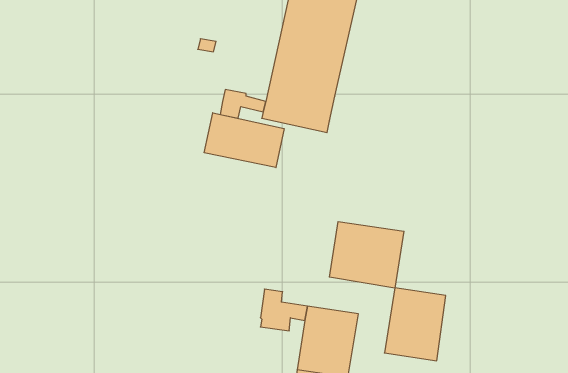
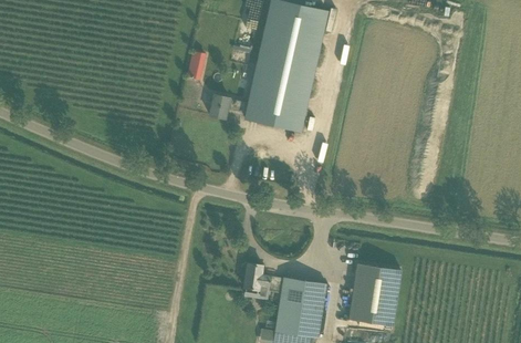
building: [204,113,284,168] -> none
building: [329,222,404,288] -> none

